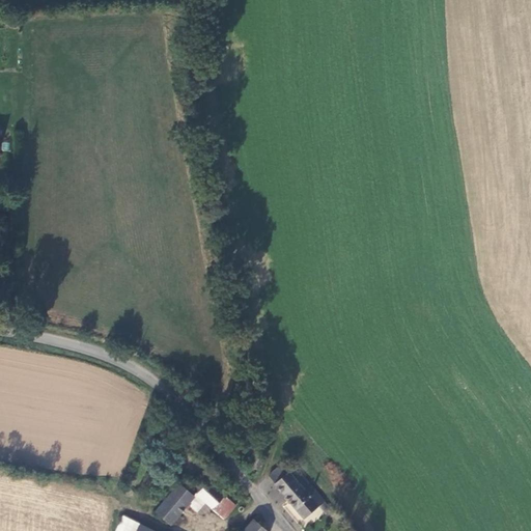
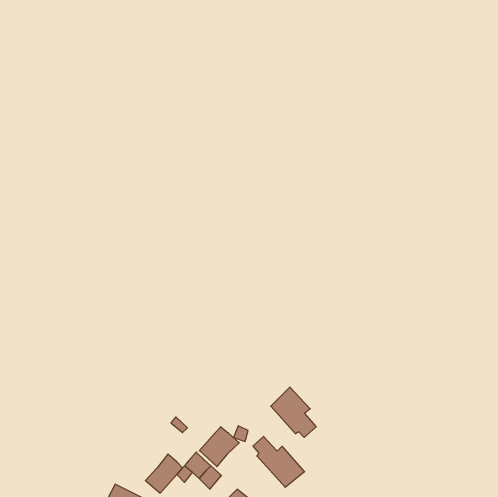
building: none -> [271,387,316,437]
building: none -> [199,427,239,467]

